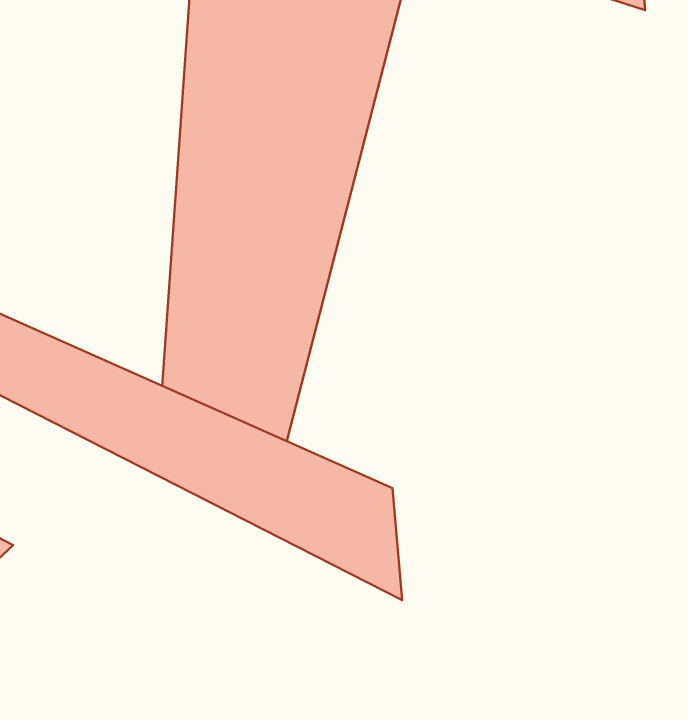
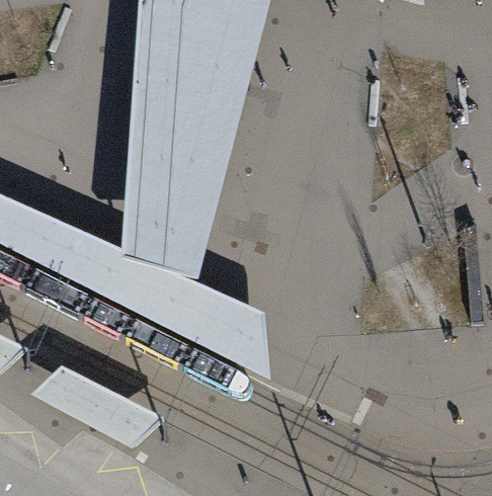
building: none -> [29,361,165,446]

